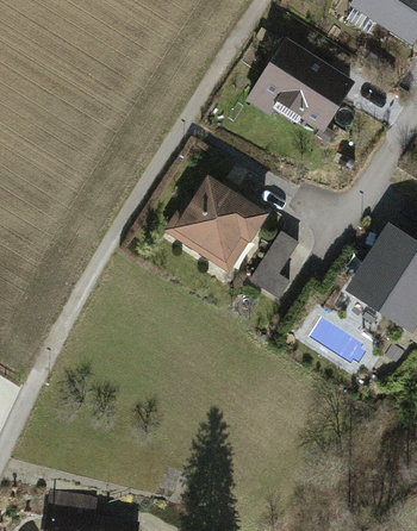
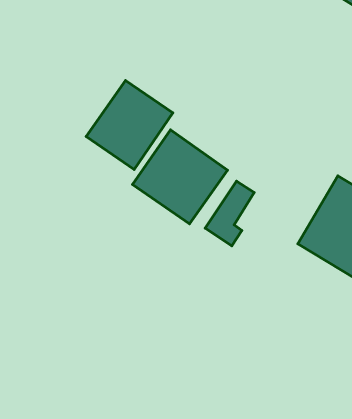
building: [247,43,349,136] -> none
building: none -> [86,81,173,170]

